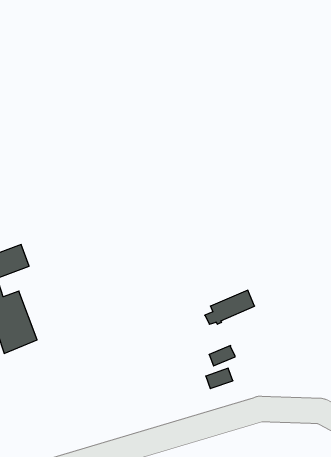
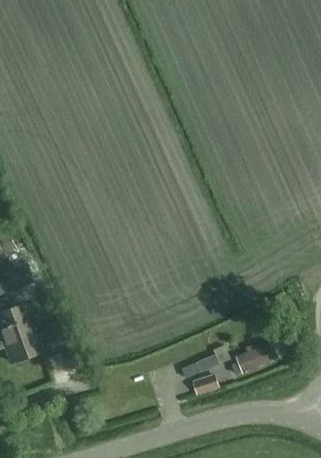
building: [205,290,255,324] -> [234,343,279,374]

